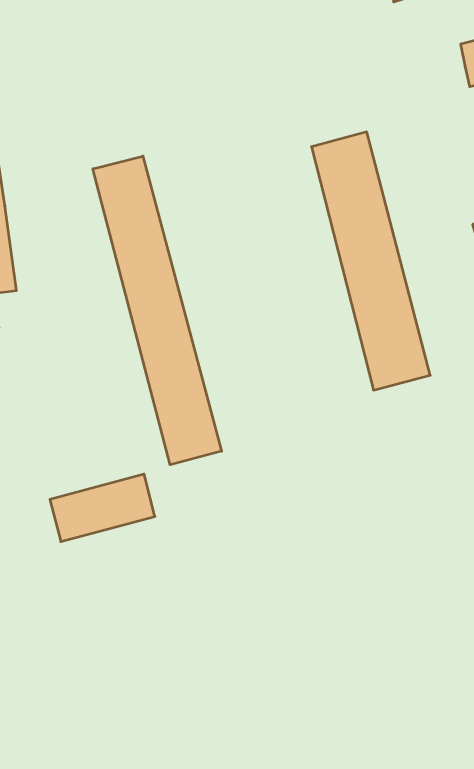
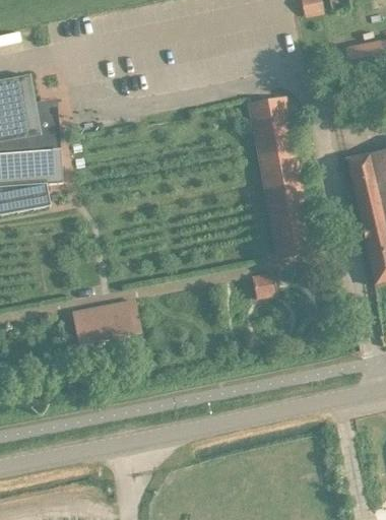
building: [93,156,222,465] -> none
building: none -> [250,269,276,298]

